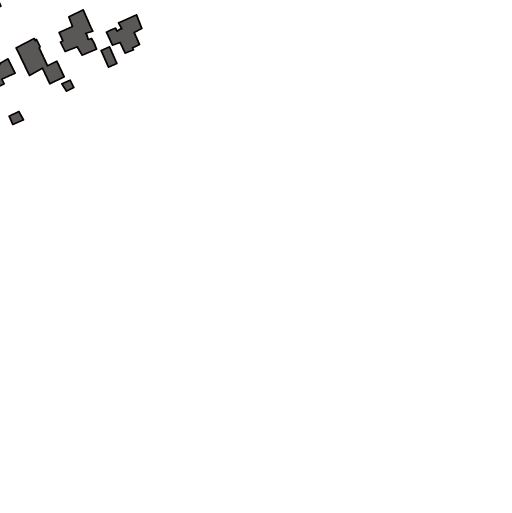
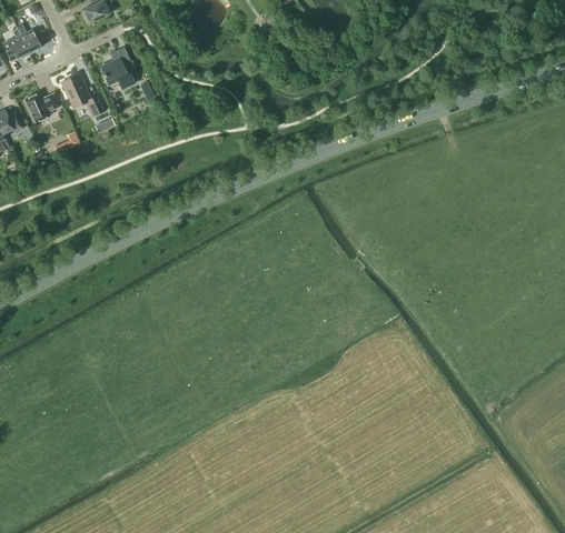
building: [106,15,142,53] -> none

